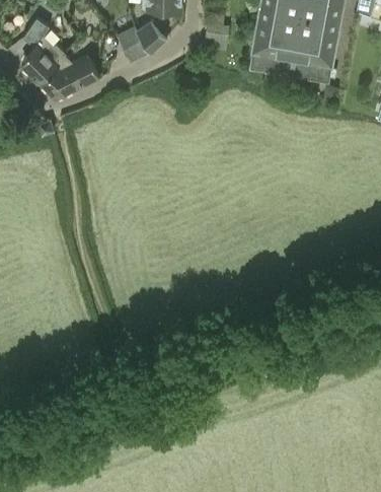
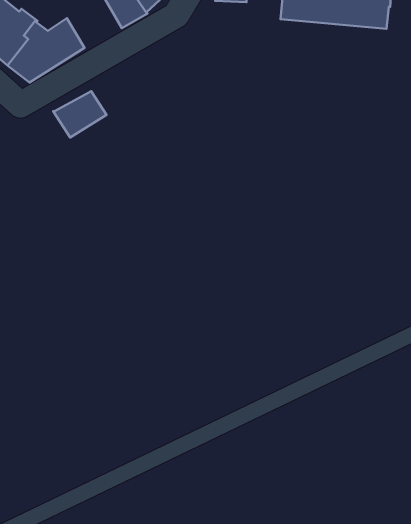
building: none -> [53,91,107,138]

